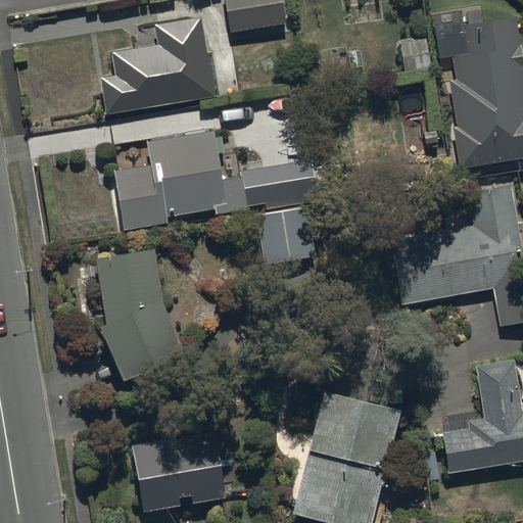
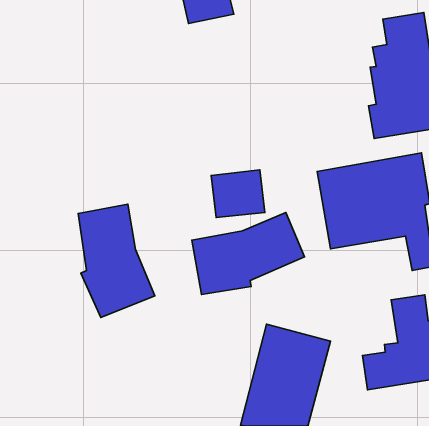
building: [100,18,221,114] -> none
building: [114,130,319,231] -> none
building: none -> [192,212,304,294]
building: [134,440,229,513] -> none

